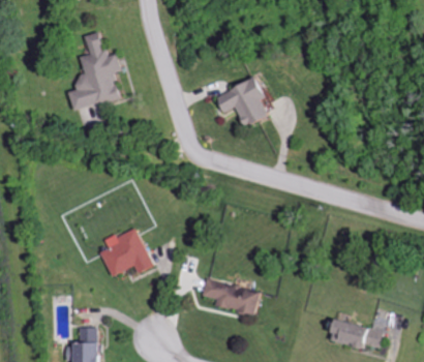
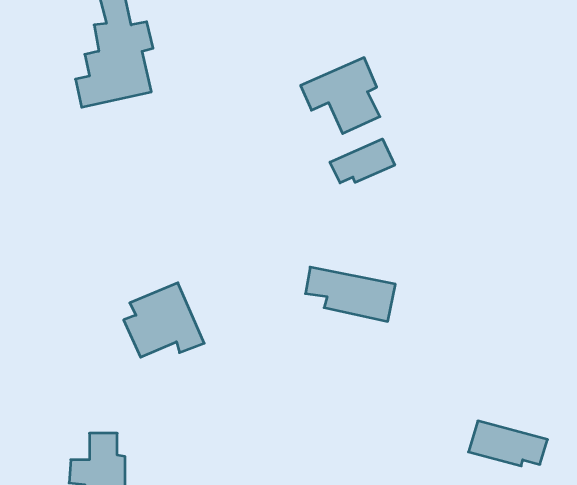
building: none -> [330,139,395,183]
building: [202,278,262,314] -> [305,267,395,321]

